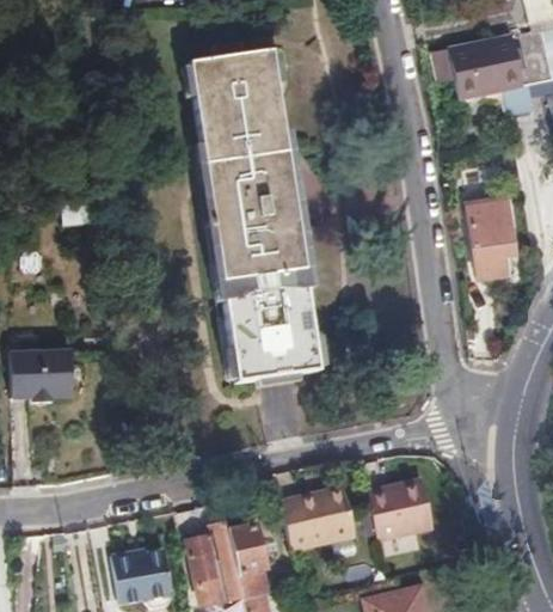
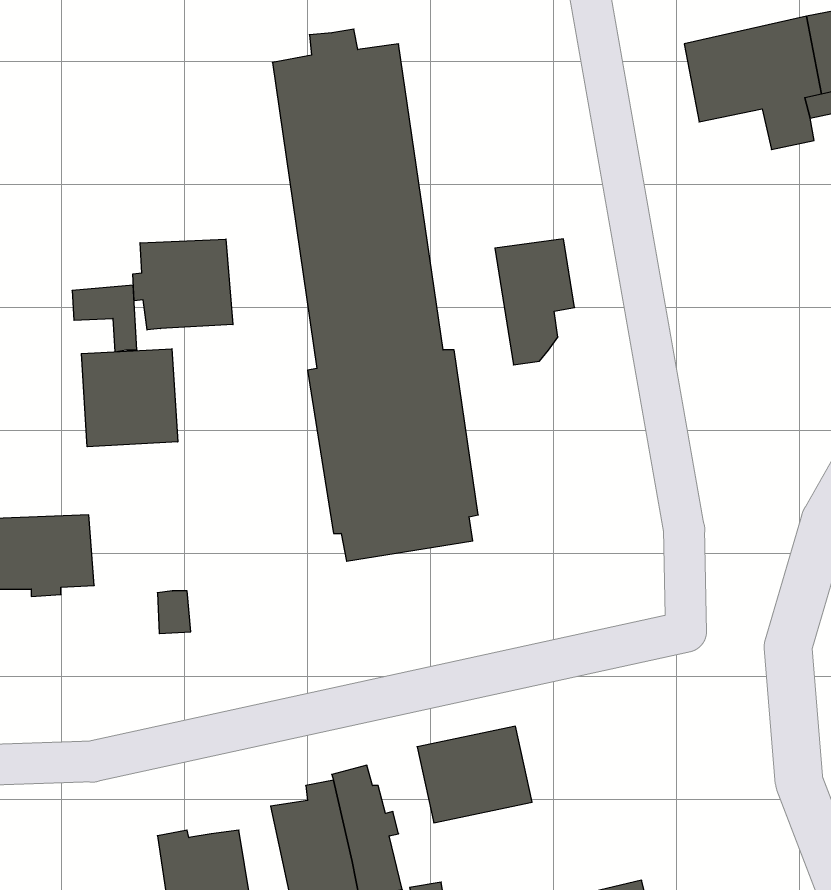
building: none -> [133,239,233,330]
building: [468,196,520,277] -> [495,239,575,365]
building: none -> [81,349,178,447]
building: [368,479,436,540] -> none

